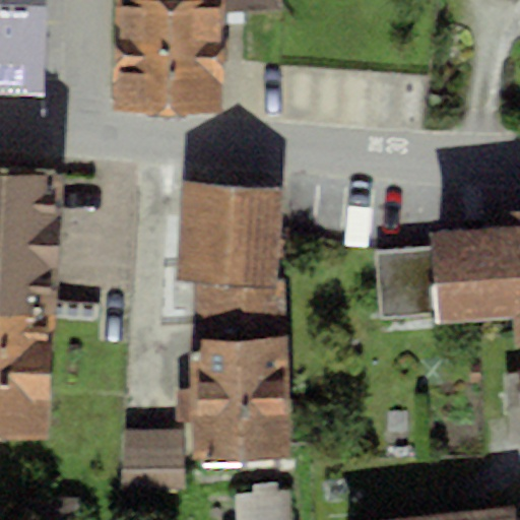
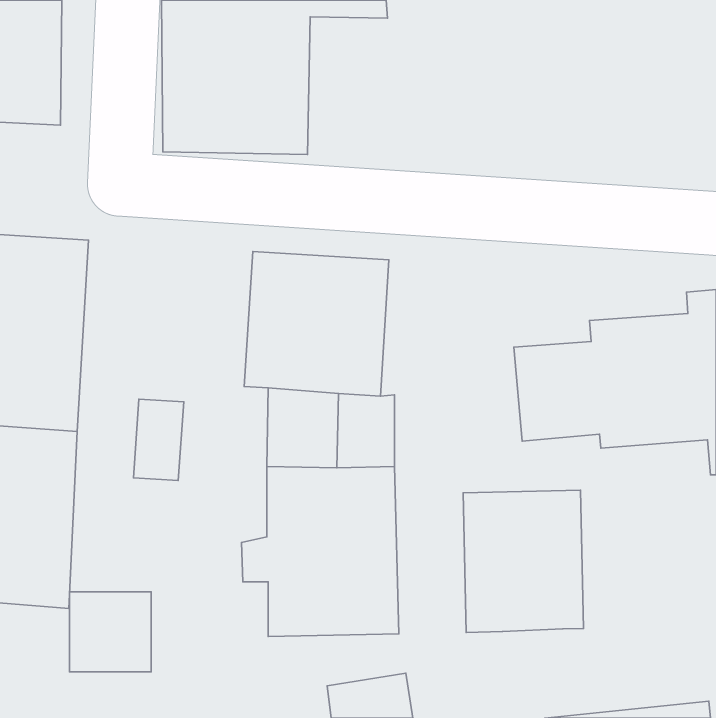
building: none -> [463,490,583,632]
building: [122,432,181,490] -> [70,592,151,672]

